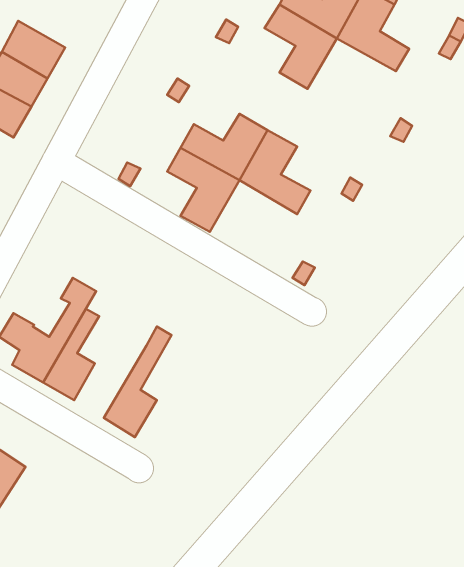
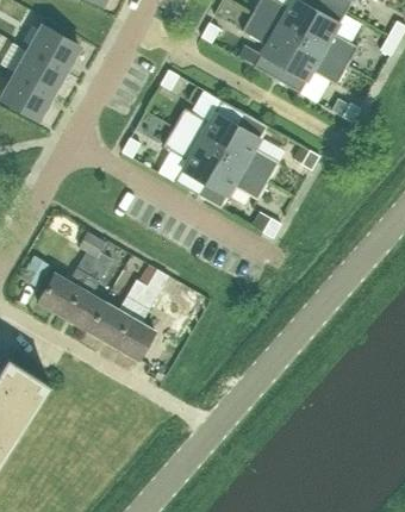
building: none -> [275,39,347,93]
building: none -> [197,154,267,208]
building: none -> [87,280,145,345]

